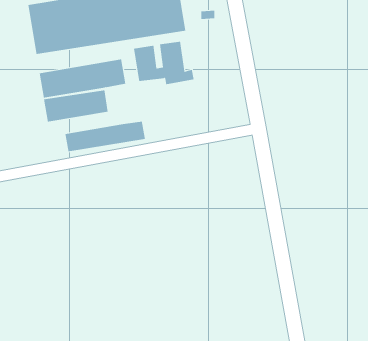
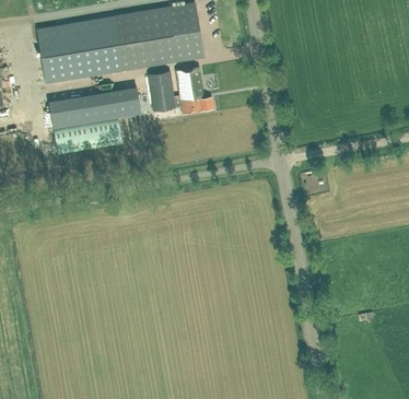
building: [65,121,145,152] -> none

